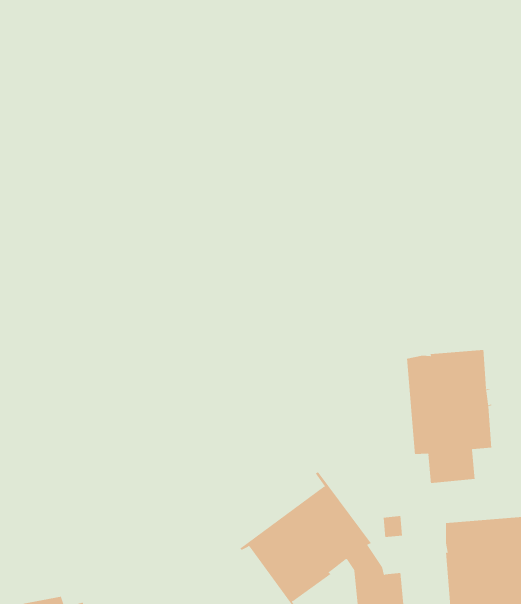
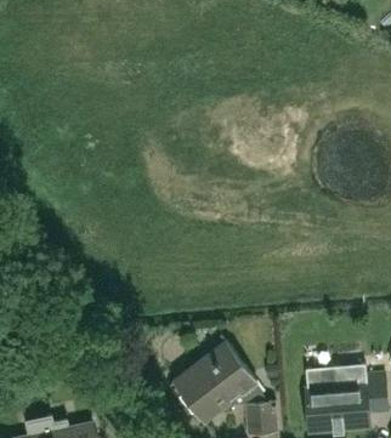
building: [407,349,492,484] -> none

